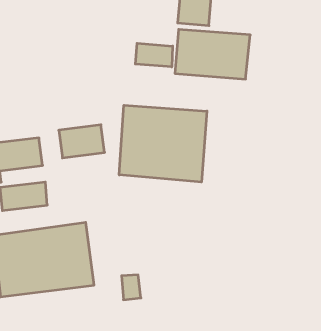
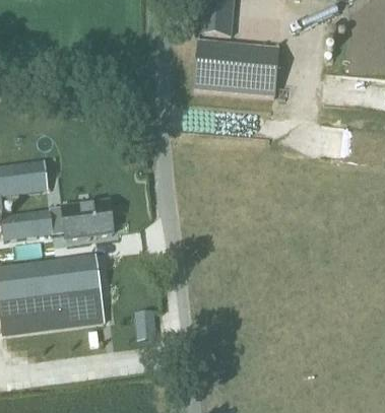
building: [135,43,173,67] -> none
building: [119,105,207,182] -> none
building: [59,125,105,158] -> [63,201,114,237]

